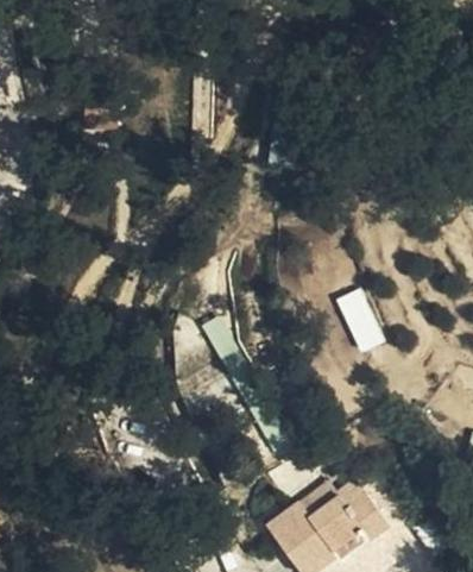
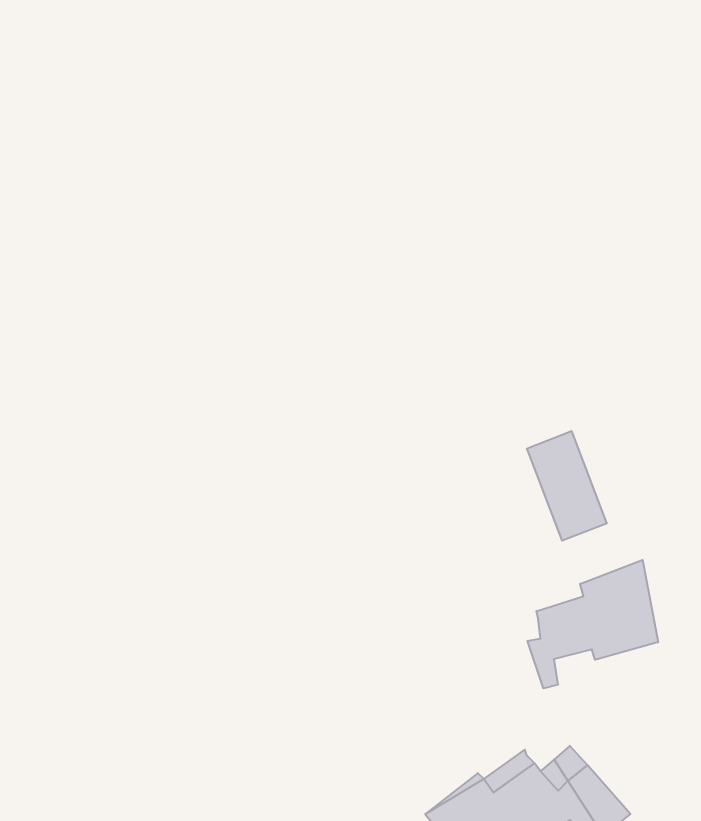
building: none -> [527,560,658,688]

